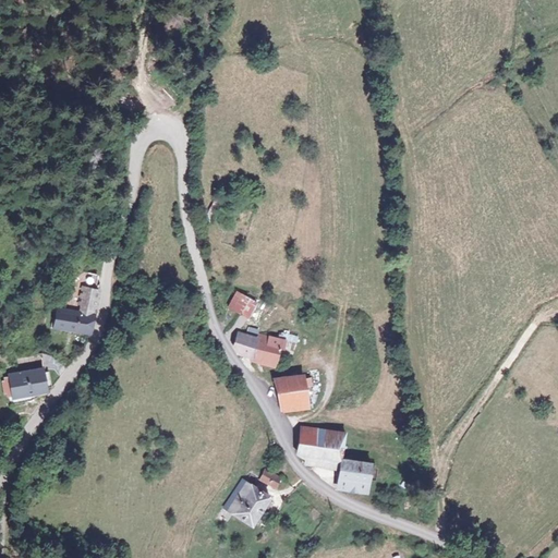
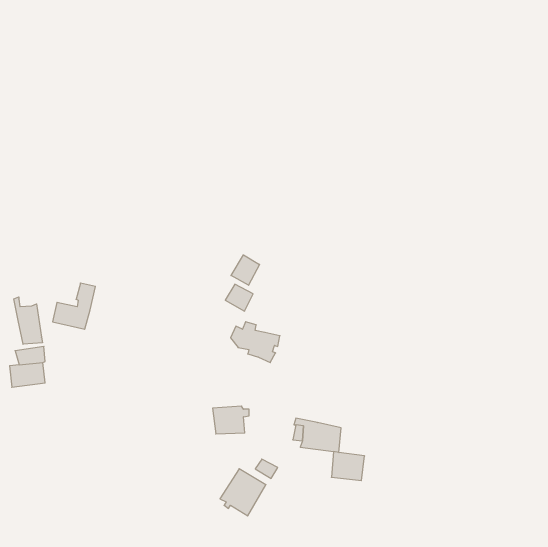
building: none -> [231,255,260,285]
building: none -> [14,297,42,344]
building: [275,377,312,405] -> [213,406,249,434]

